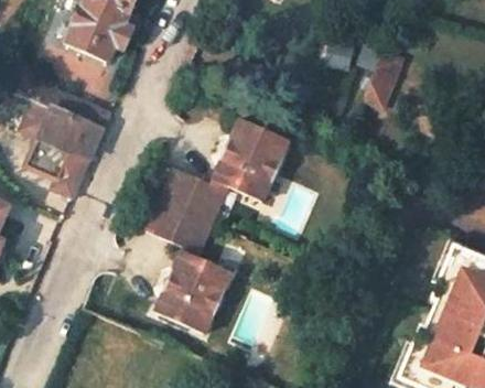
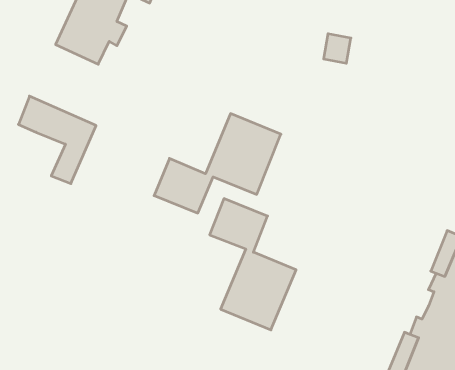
building: [365,51,407,108] -> none
building: [28,138,71,182] -> none
building: [146,202,233,334] -> [210,199,296,330]

